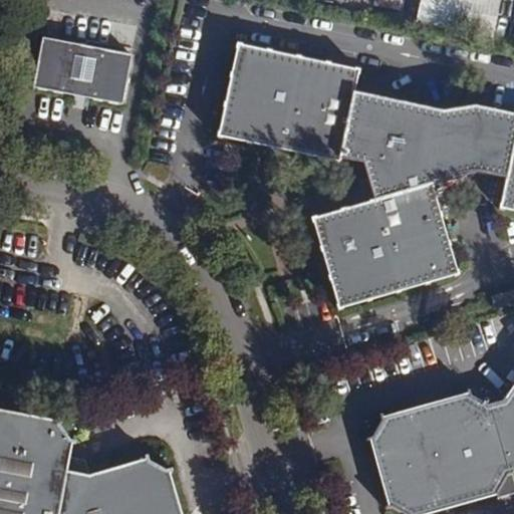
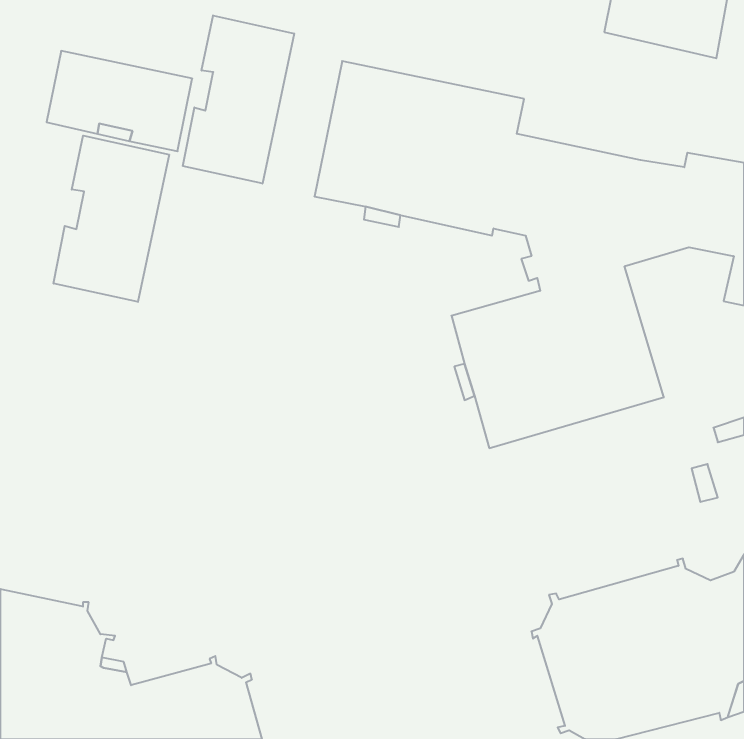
building: none -> [183,15,294,184]
building: none -> [54,136,169,302]

